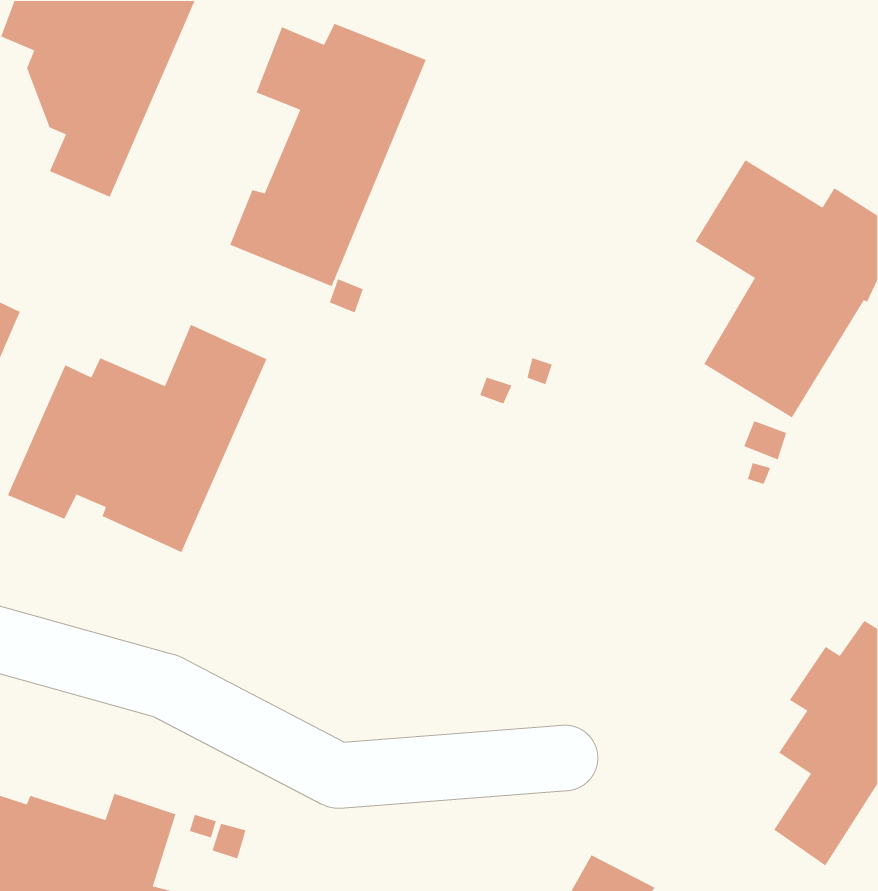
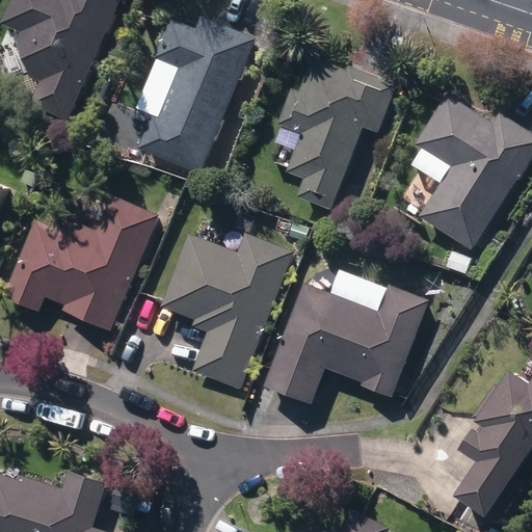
building: none -> [275,59,394,211]
building: none -> [160,234,293,390]
building: none -> [264,284,429,403]

